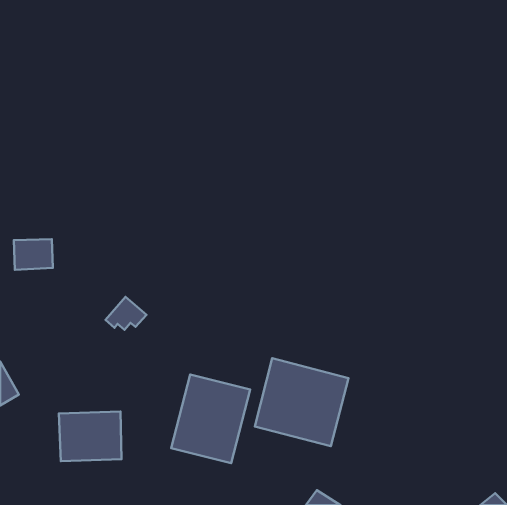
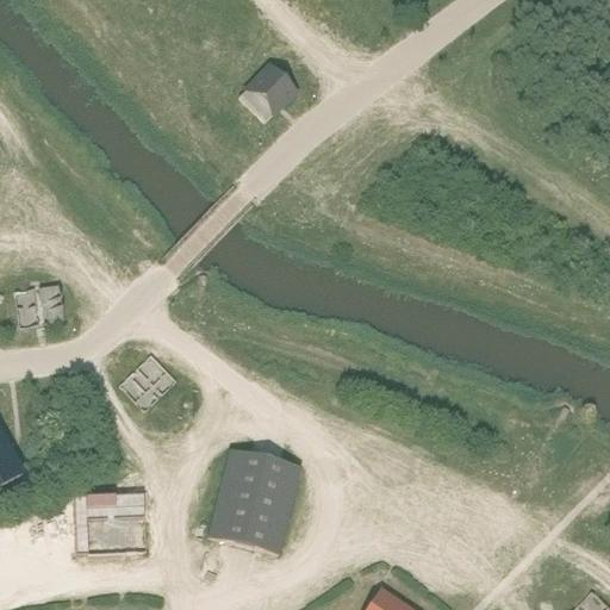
building: none -> [239,61,297,119]
building: [255,358,348,446] -> none

